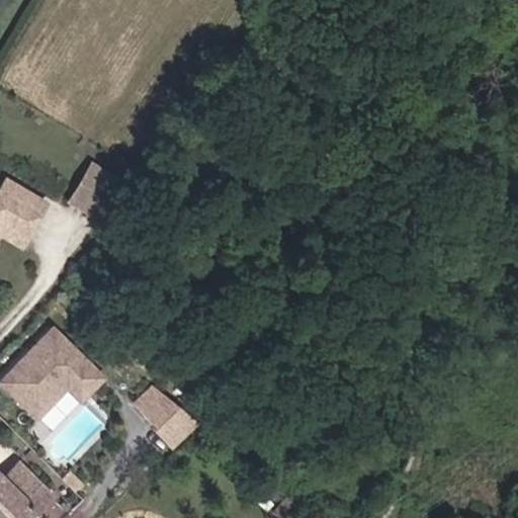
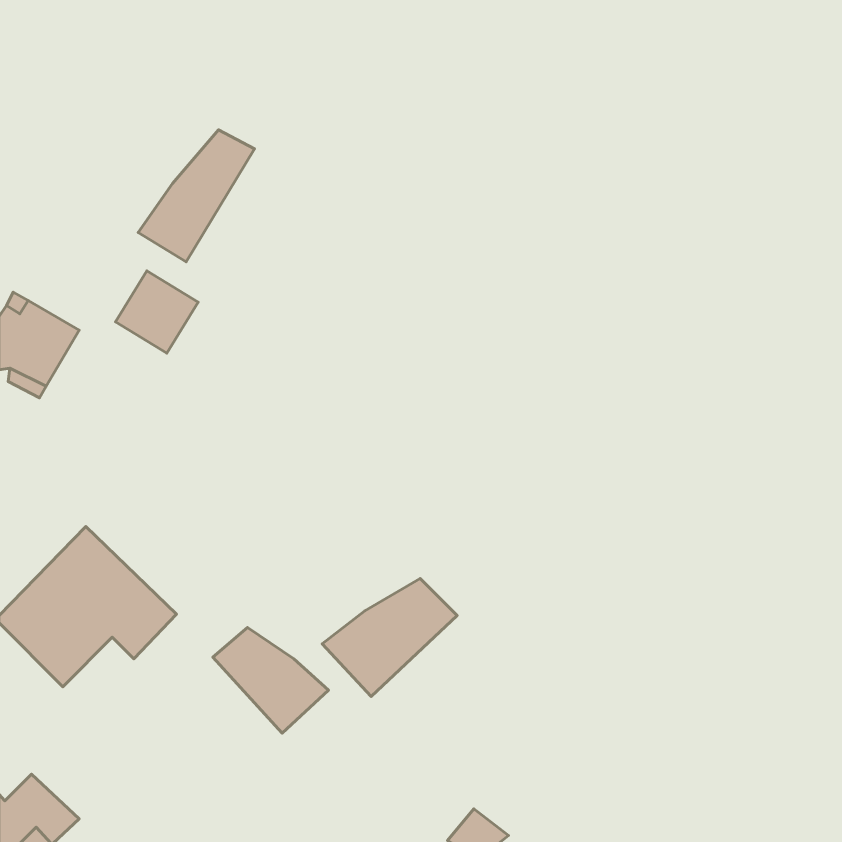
building: none -> [138,130,254,262]
building: none -> [322,579,457,697]

